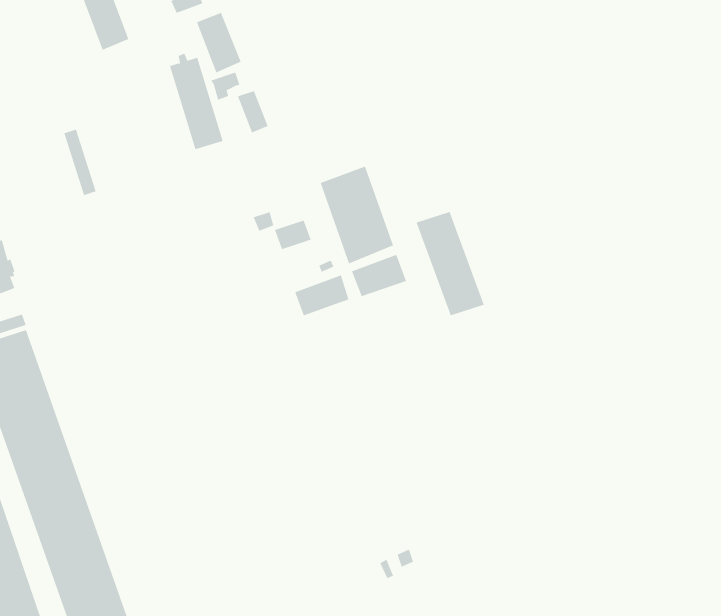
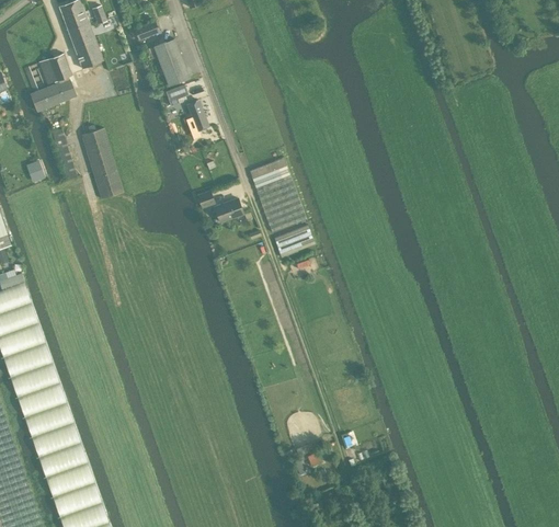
building: none -> [23,53,76,111]
building: [169,53,223,150] -> [81,124,123,198]
building: [416,211,484,316] -> none
building: [294,274,349,316] -> none

